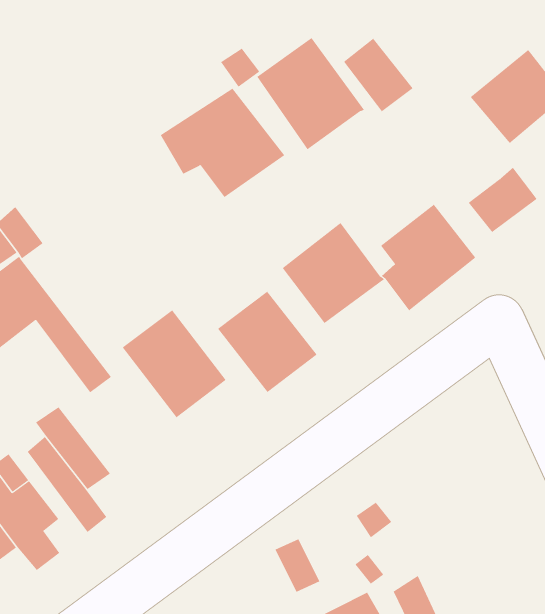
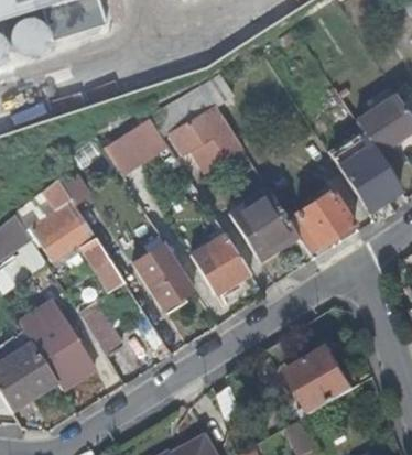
building: [257,37,365,150] -> none
building: [343,38,413,112] -> [330,143,372,189]
building: none -> [104,119,167,177]
building: none -> [286,344,354,411]

